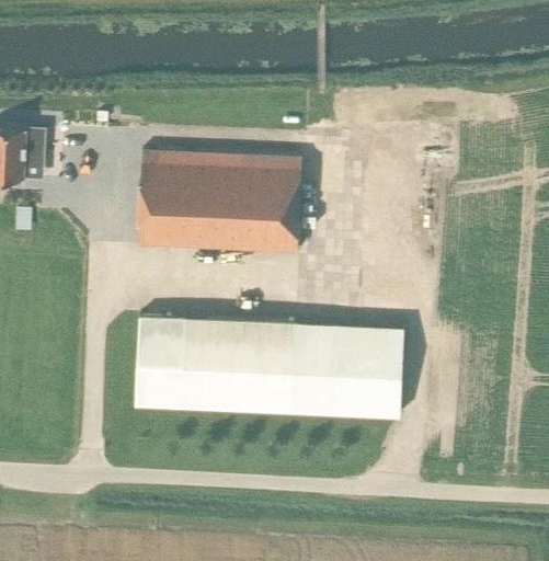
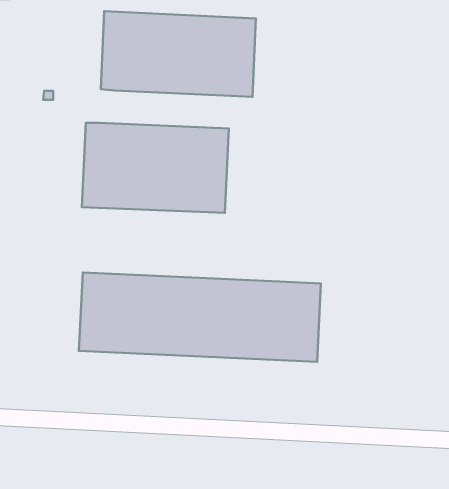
building: none -> [101,11,256,97]

